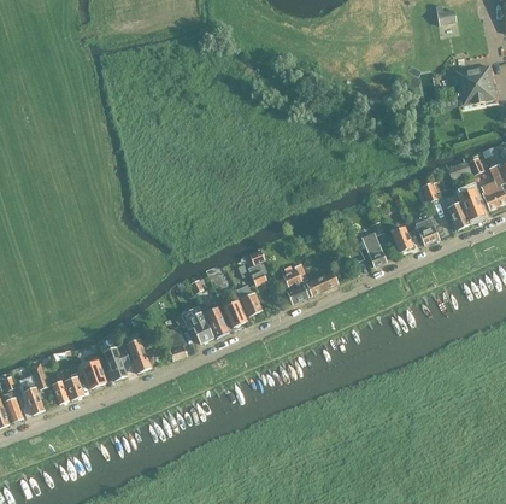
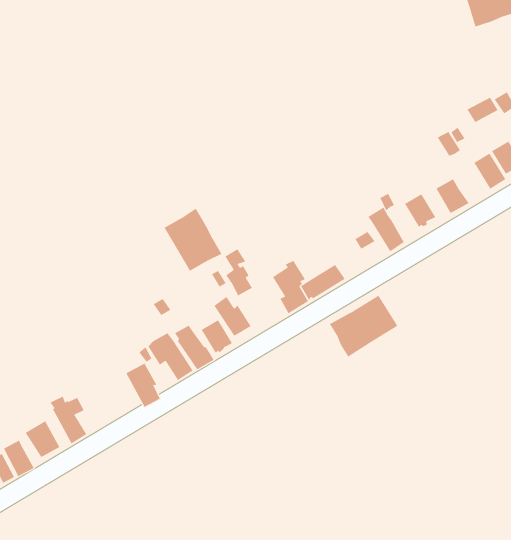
building: none -> [164,208,222,271]
building: none -> [329,295,398,358]
building: [126,335,160,371] -> none

